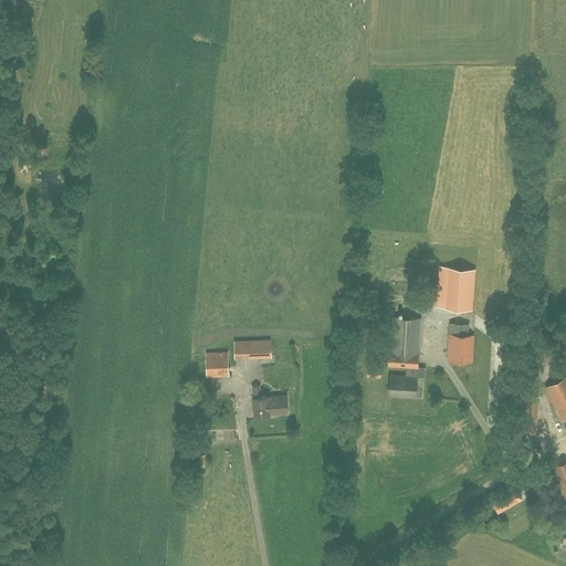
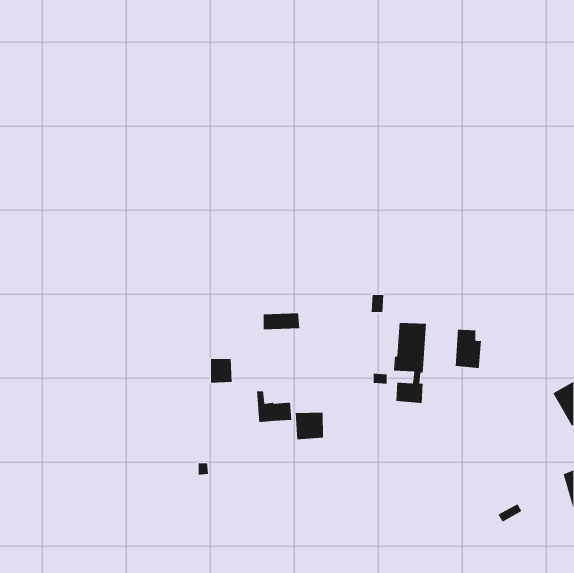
building: [436,268,476,312] -> none
building: [235,342,272,358] -> [263,313,300,330]
building: none -> [295,412,323,440]

